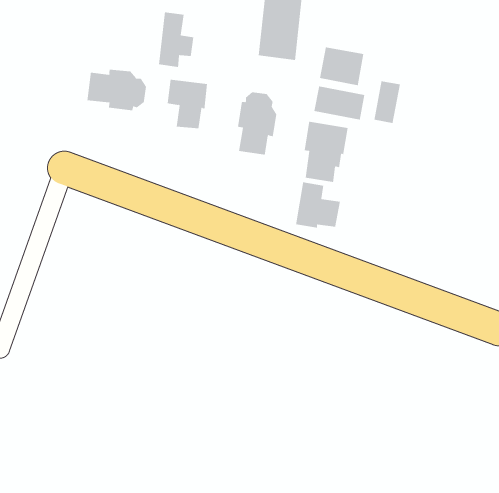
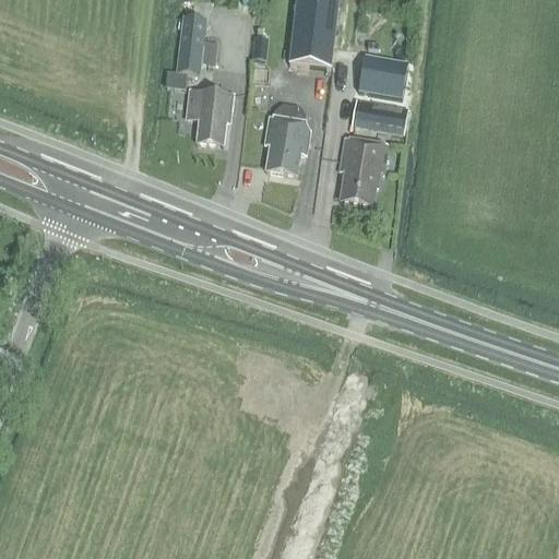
building: [87,69,147,111] -> none
building: [374,80,400,124] -> none
building: [296,181,341,229] -> none

